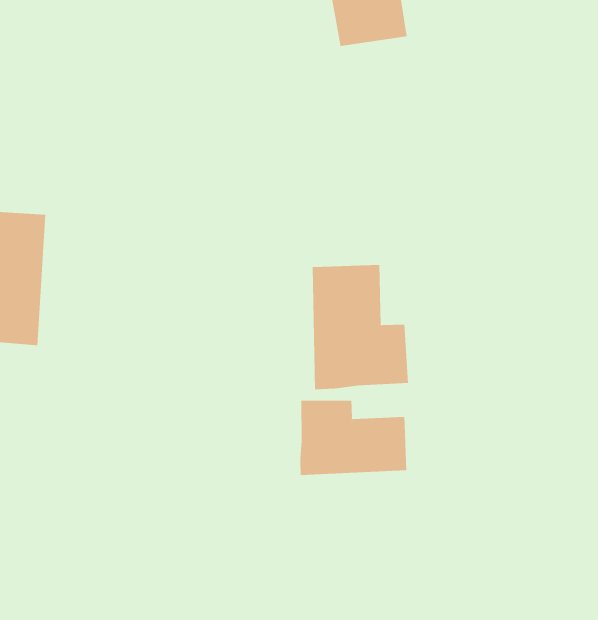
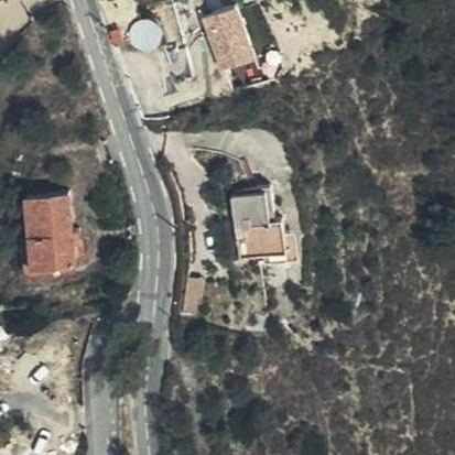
building: [300,400,407,476] -> none

